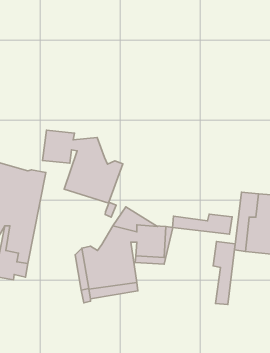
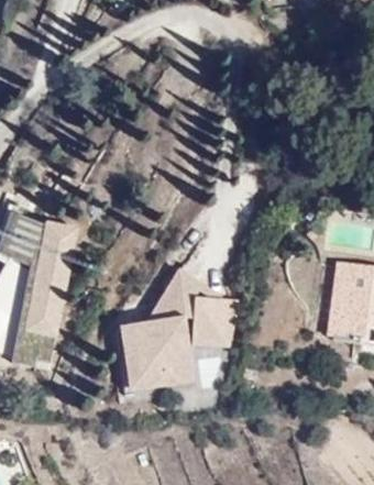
building: [42,130,123,217] -> none
building: [172,214,232,234] -> none
building: [213,241,235,305] -> none

